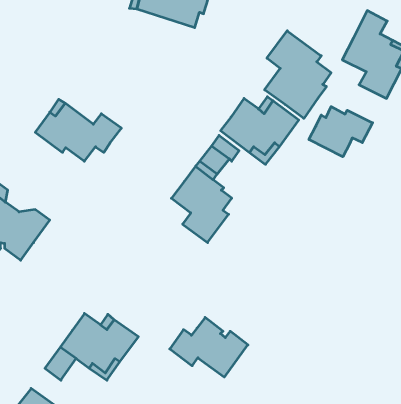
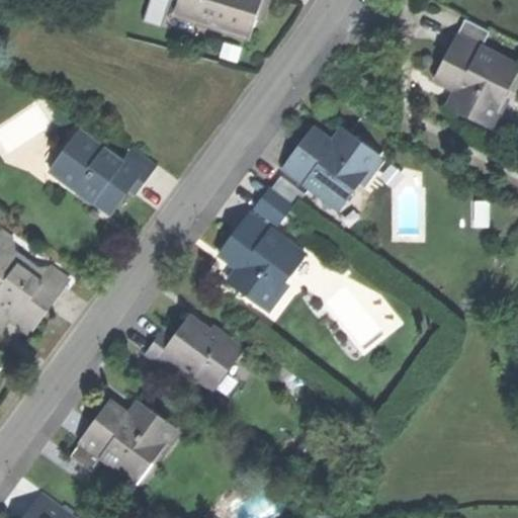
building: [265,31,331,118] -> none
building: [309,107,373,157] -> none
building: [170,317,248,377] -> [147,316,245,391]

